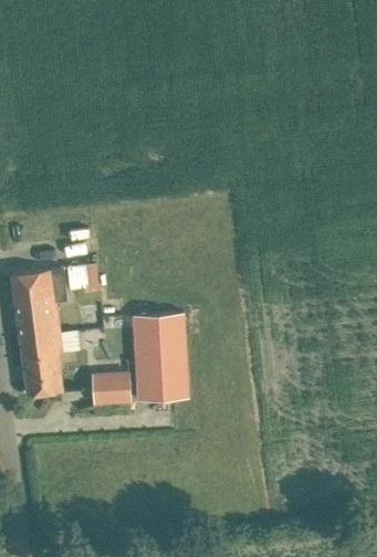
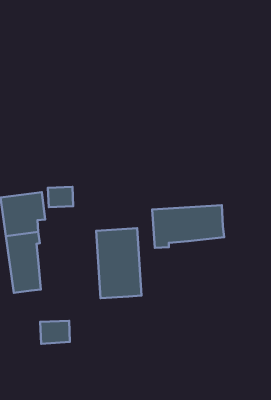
building: none -> [152,205,224,248]
building: [93,376,130,404] -> [40,321,70,344]

